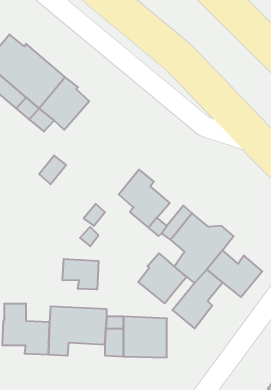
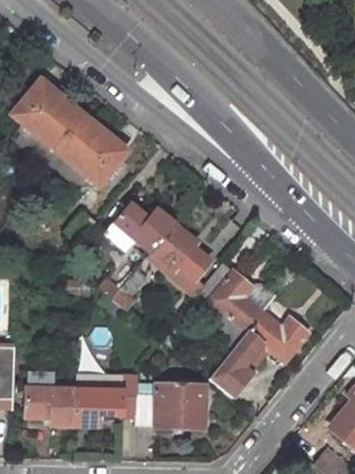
building: none -> [118,204,177,252]
building: [138,253,187,303] -> none
building: [63,259,99,290] -> none

